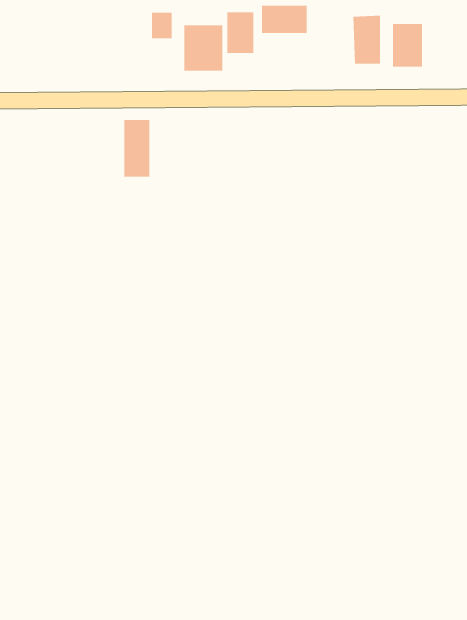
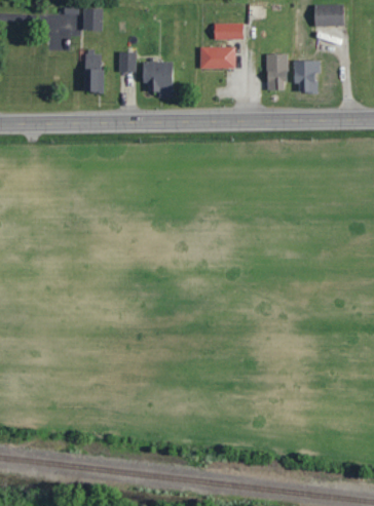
building: [227,11,254,54] -> none
building: [124,119,150,177] -> [83,49,103,91]

